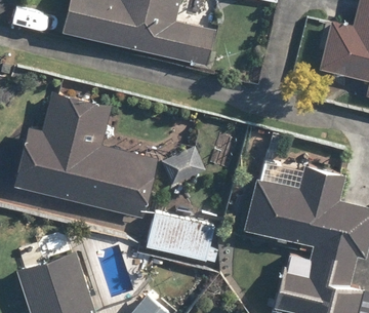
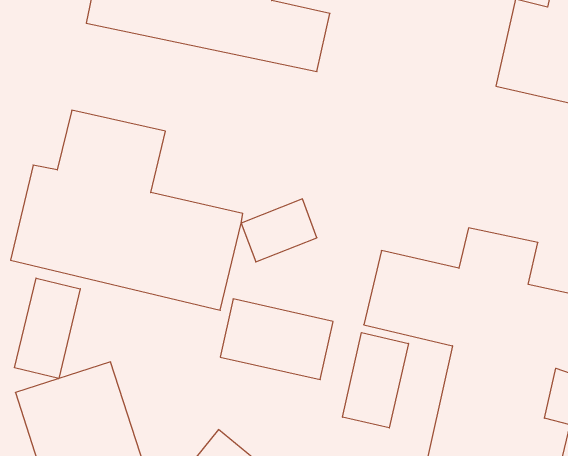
building: none -> [15,278,80,379]
building: none -> [343,333,408,428]

